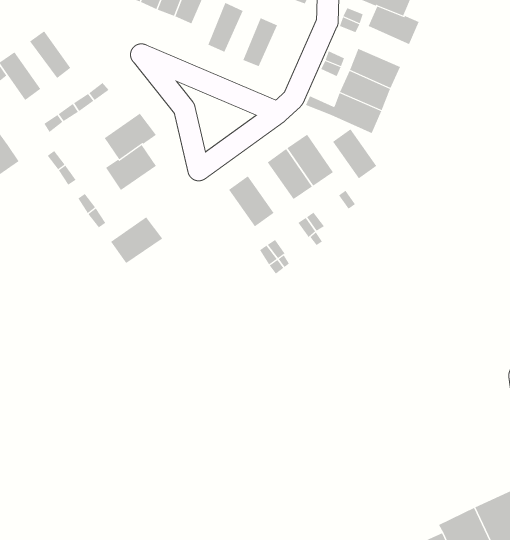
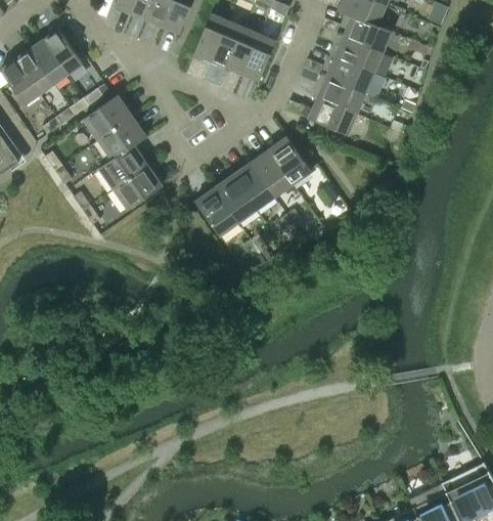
building: none -> [211,21,243,68]
building: none -> [43,30,83,75]
building: none -> [242,35,276,81]
building: none -> [334,36,383,74]
building: none -> [15,50,54,94]
building: none -> [84,95,132,140]
building: [332,129,377,179] -> [232,163,274,210]
building: none -> [195,188,238,236]
building: [110,217,163,264] -> [114,166,163,210]

